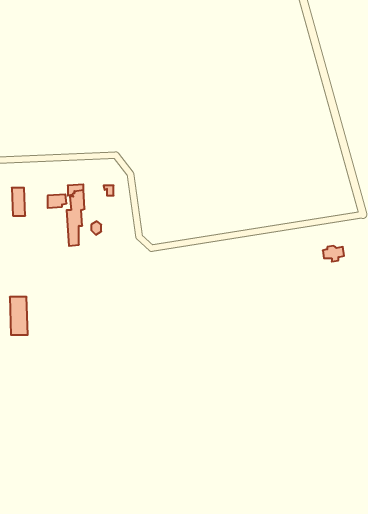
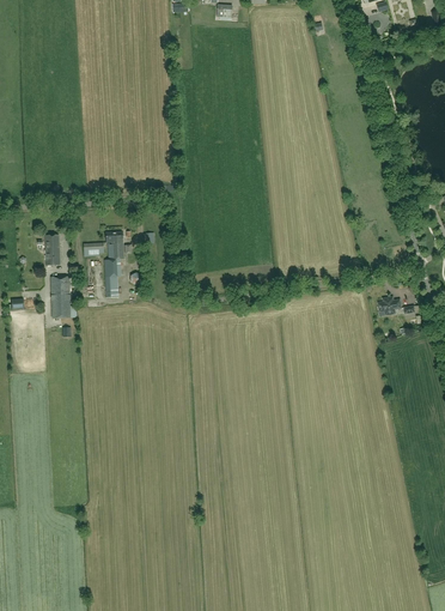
building: [10,297,28,335] -> [51,278,71,319]

